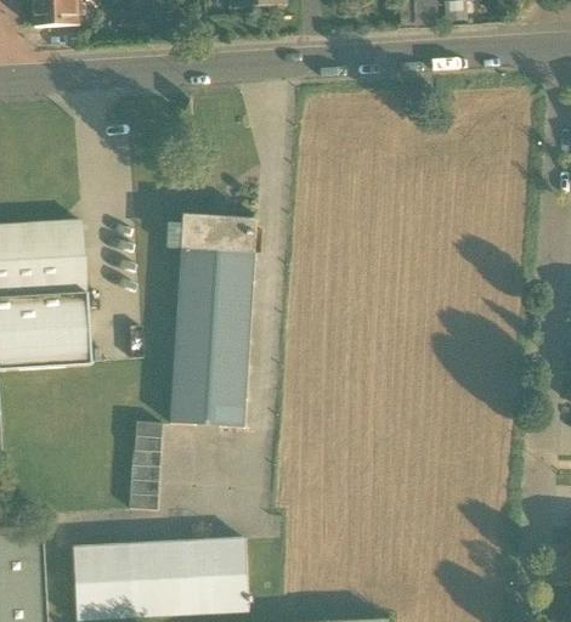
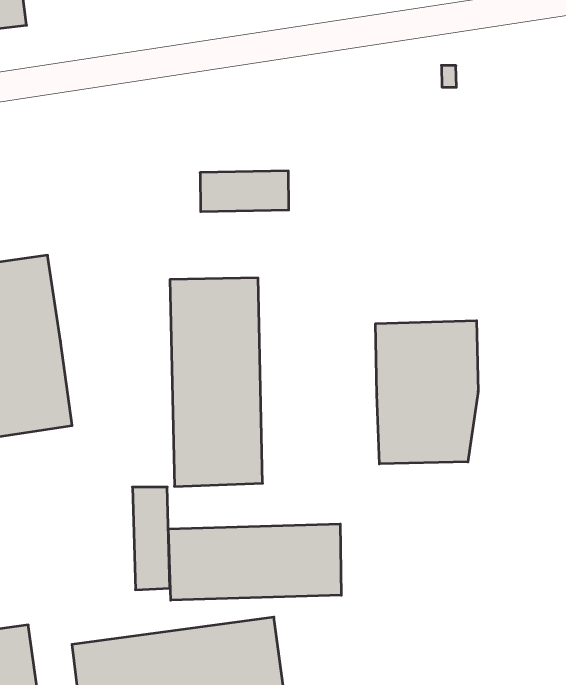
building: [181,214,258,251] -> [200,171,289,212]
building: none -> [376,321,478,464]
building: none -> [168,524,341,600]

